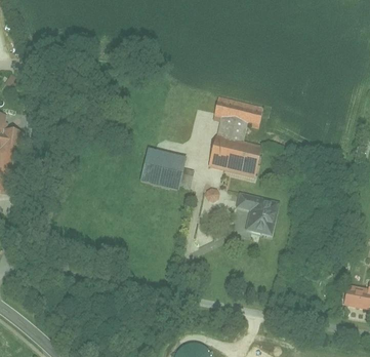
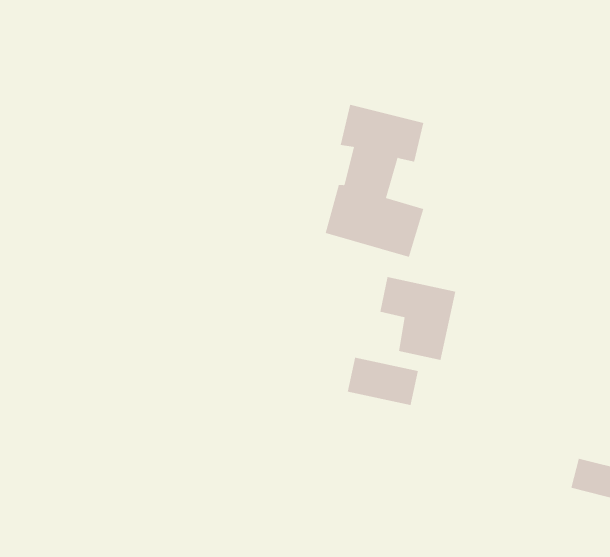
building: [142,149,187,191] -> none
building: none -> [347,357,418,406]

